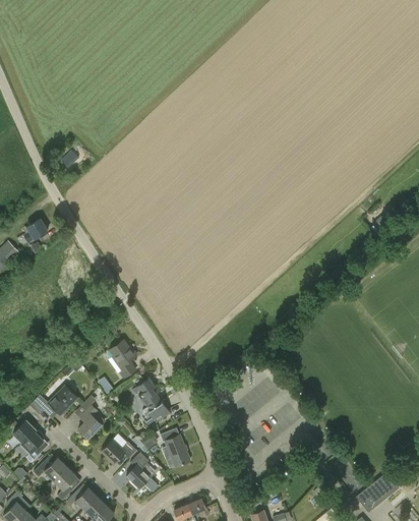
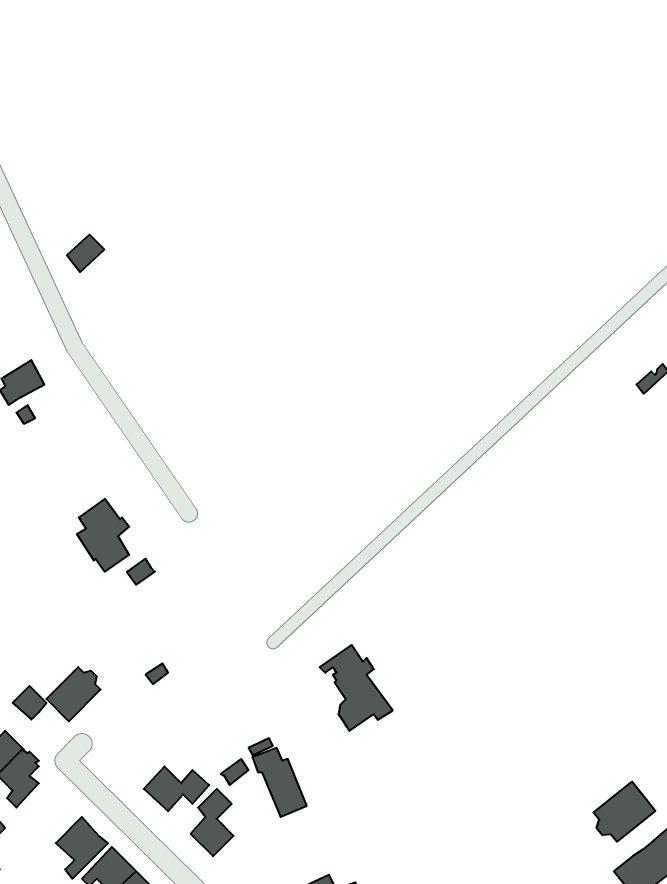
building: [108,340,136,380] -> [77,499,129,572]
building: [131,379,171,425] -> [320,645,393,731]
building: [78,404,105,440] -> none
building: none -> [593,782,655,842]
building: [34,458,67,481] -> none

